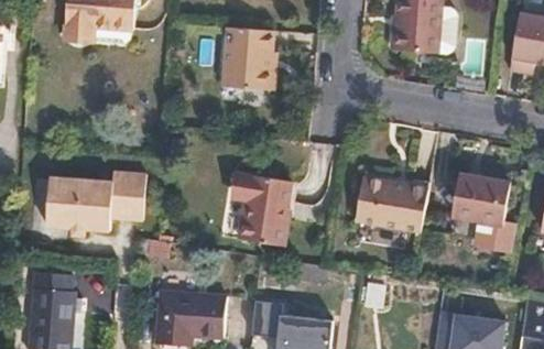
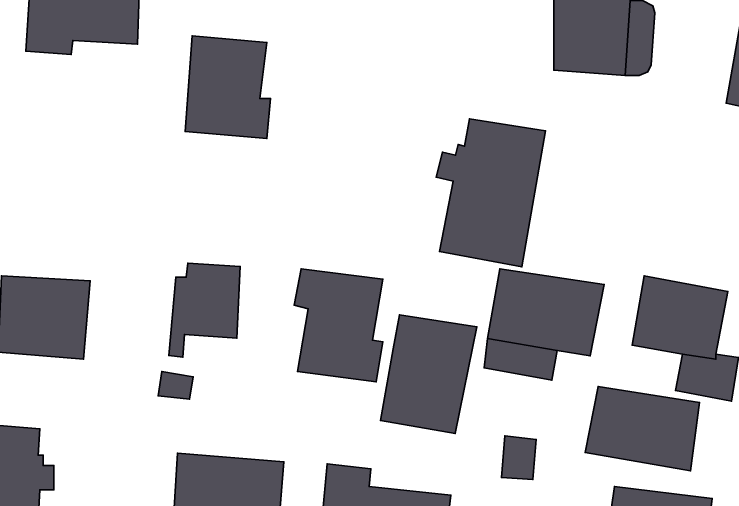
building: [225,25,279,90] -> [185,36,270,138]
building: none -> [436,119,546,267]
building: [100,173,145,232] -> [169,263,240,357]
building: none -> [381,315,477,434]
building: none -> [585,386,700,471]

